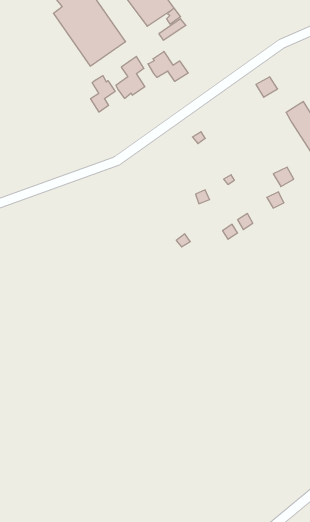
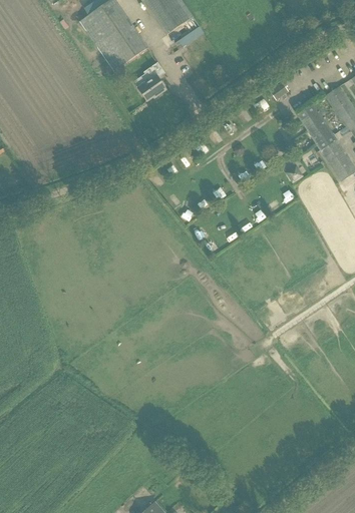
building: [148,51,188,81] -> none
building: [91,76,115,112] -> none

